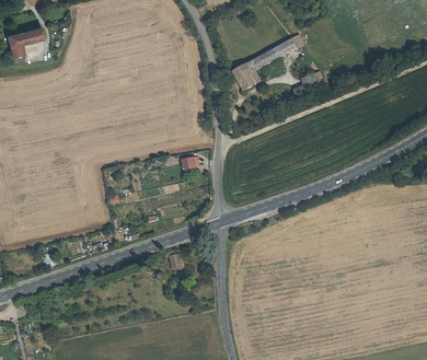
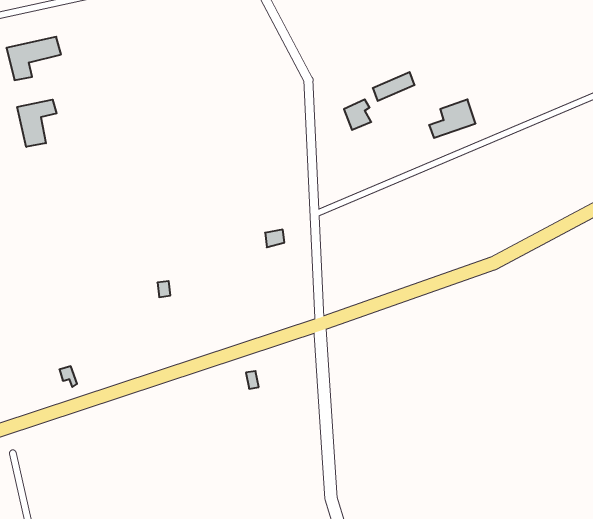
building: none -> [17,100,57,147]

